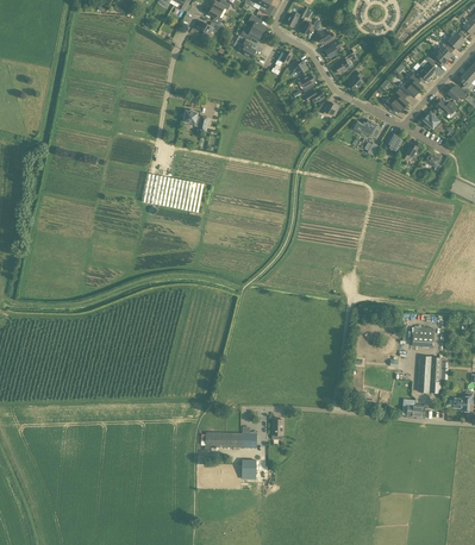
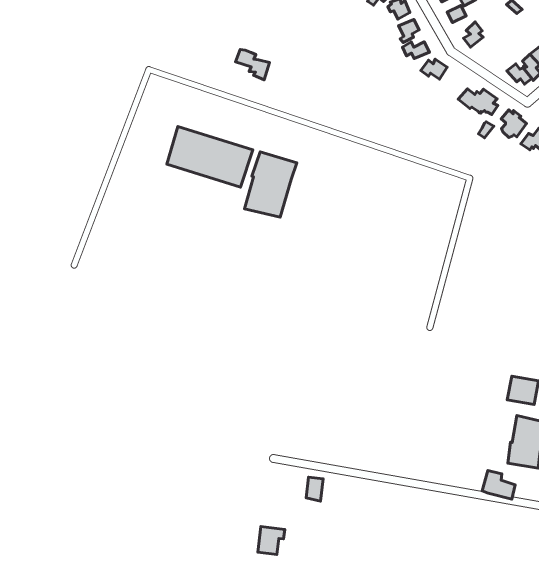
building: none -> [245,152,297,217]
building: [200,432,256,450] -> none

